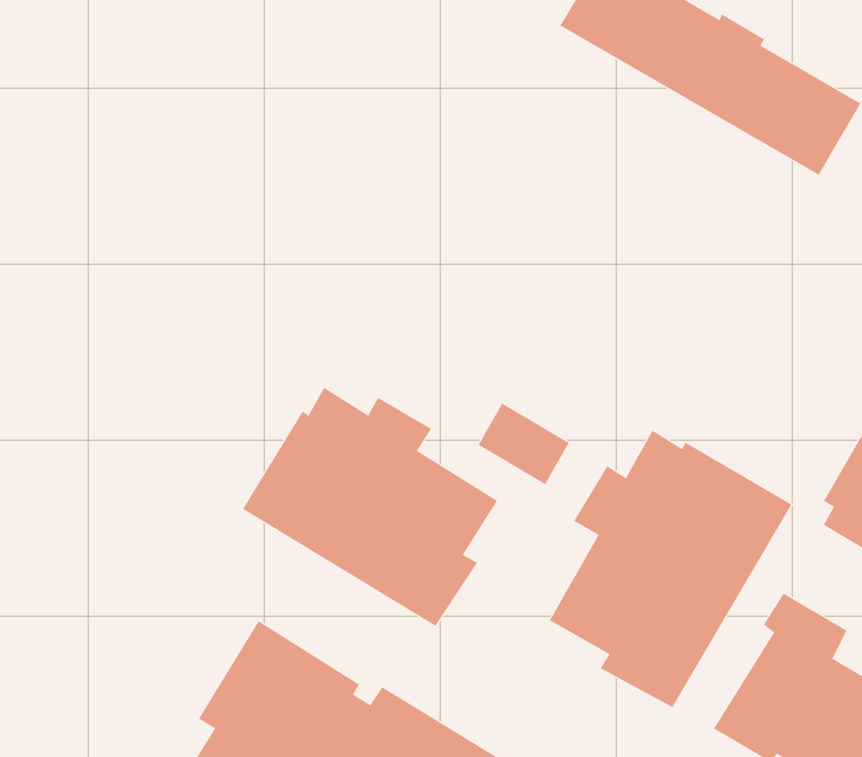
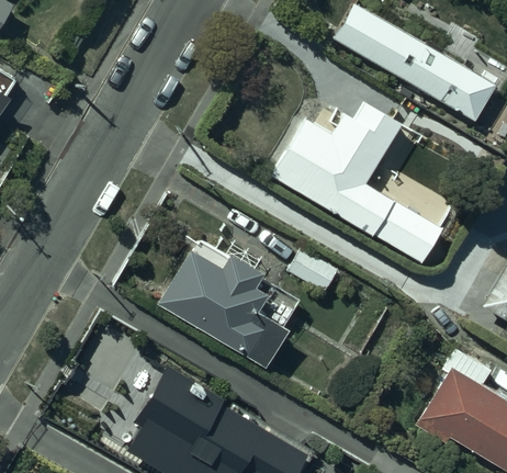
building: none -> [272,88,443,264]
building: [549,430,792,708] -> none

